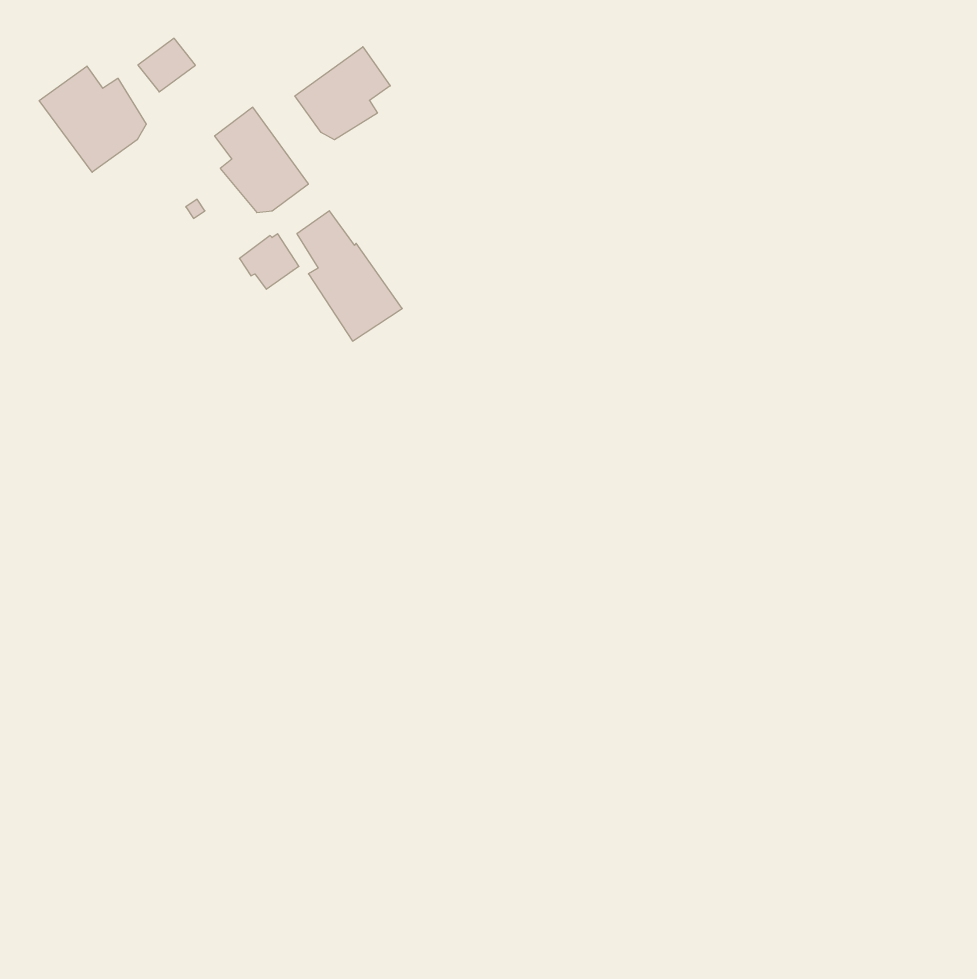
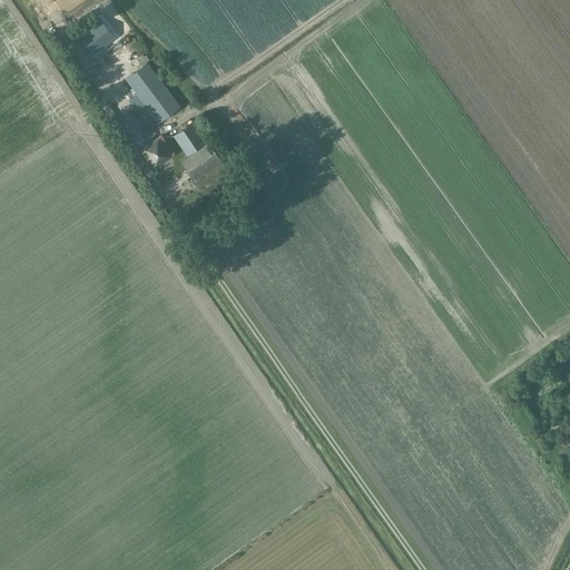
building: [295,47,390,140] -> none
building: [39,66,146,172] -> none

